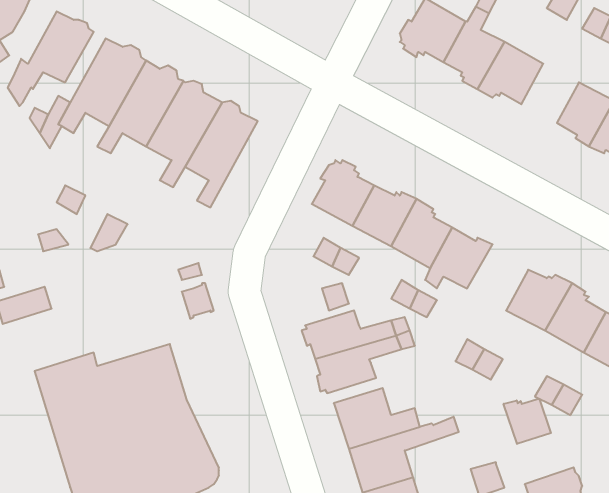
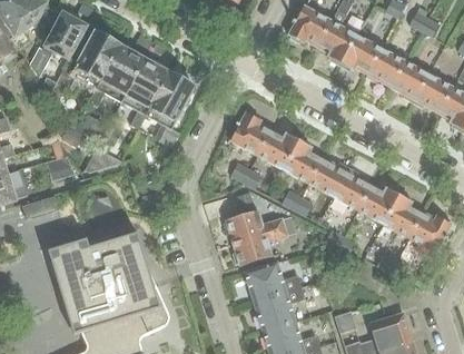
building: none -> [366,47,405,86]
building: none -> [332,166,372,209]
building: [504,399,551,444] -> none

